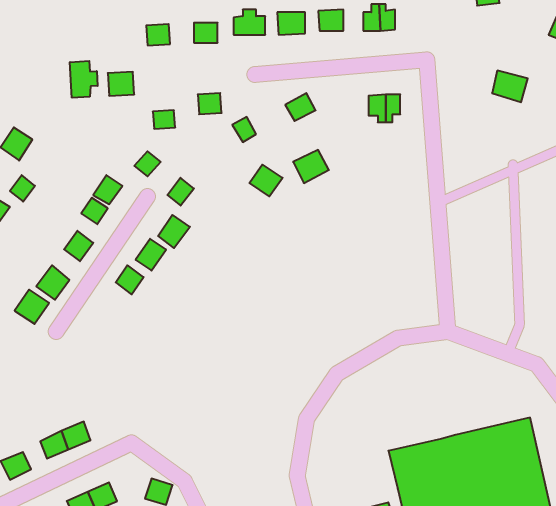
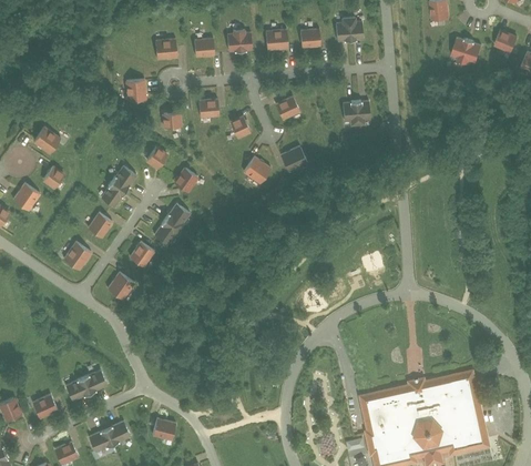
building: [70,61,98,98] -> none
building: [492,71,528,102] -> [451,40,481,67]
building: [15,290,49,324] -> [105,272,134,301]

